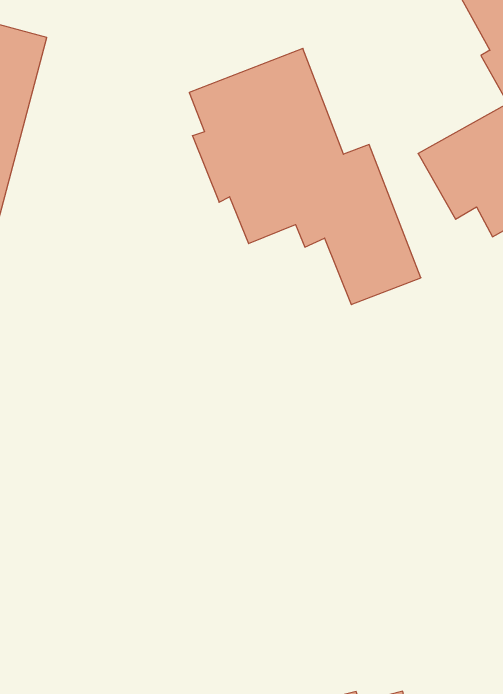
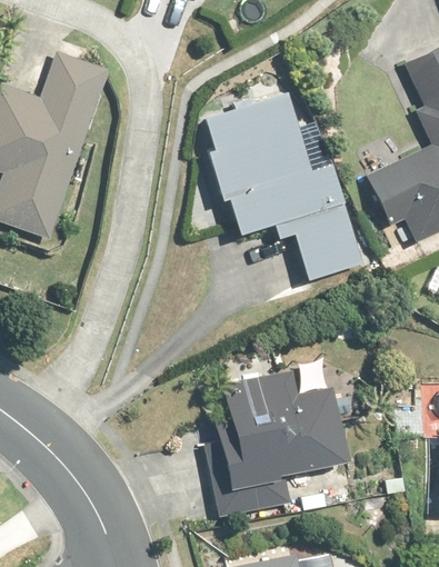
building: none -> [218,369,350,517]

